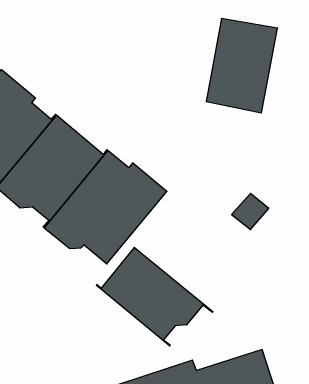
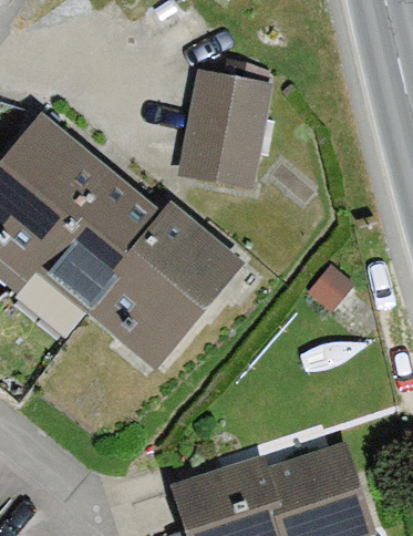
building: [206,19,278,113] -> [184,76,267,186]
building: [96,247,213,346] -> none

